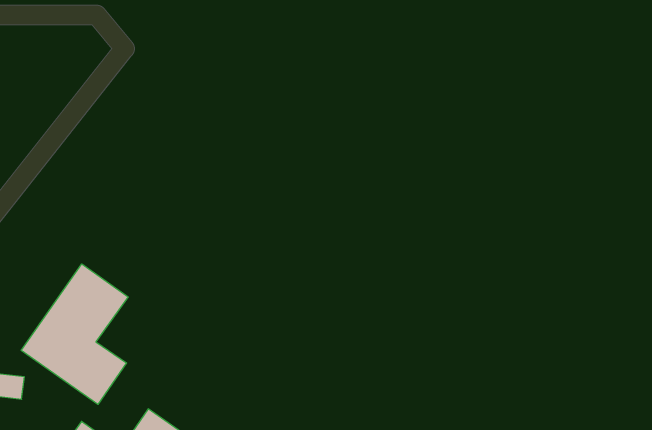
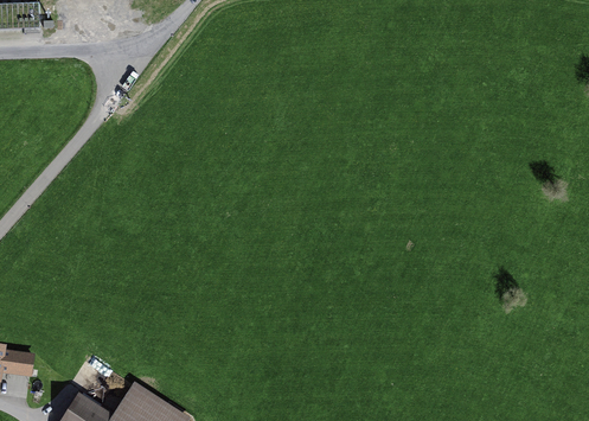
building: [21,264,128,404] -> none

